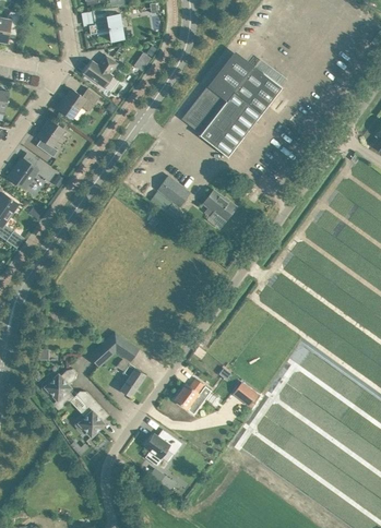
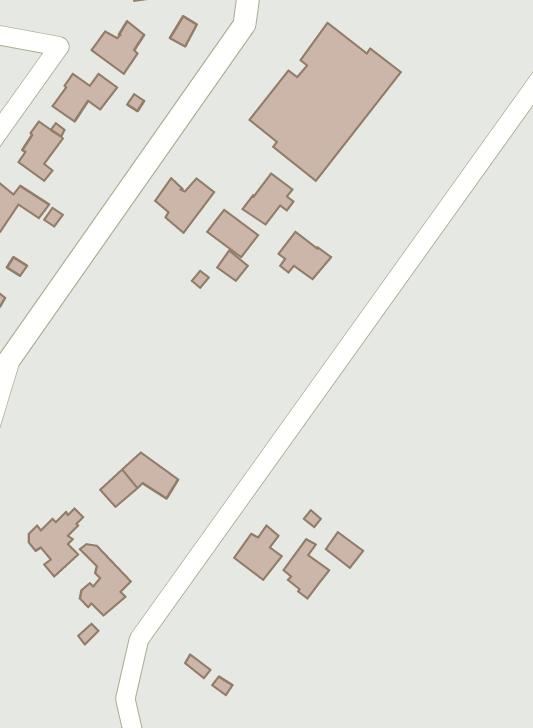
building: none -> [242,173,293,225]
building: none -> [155,178,214,233]
building: [119,363,144,397] -> none
building: none -> [283,539,329,599]
building: [142,430,181,466] -> none

